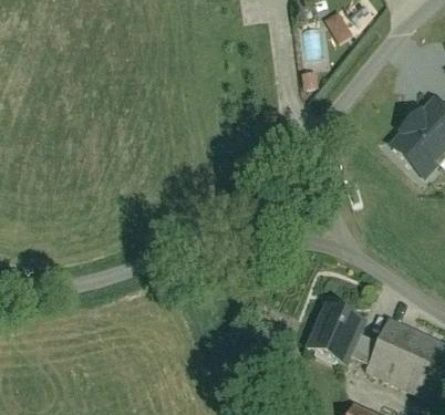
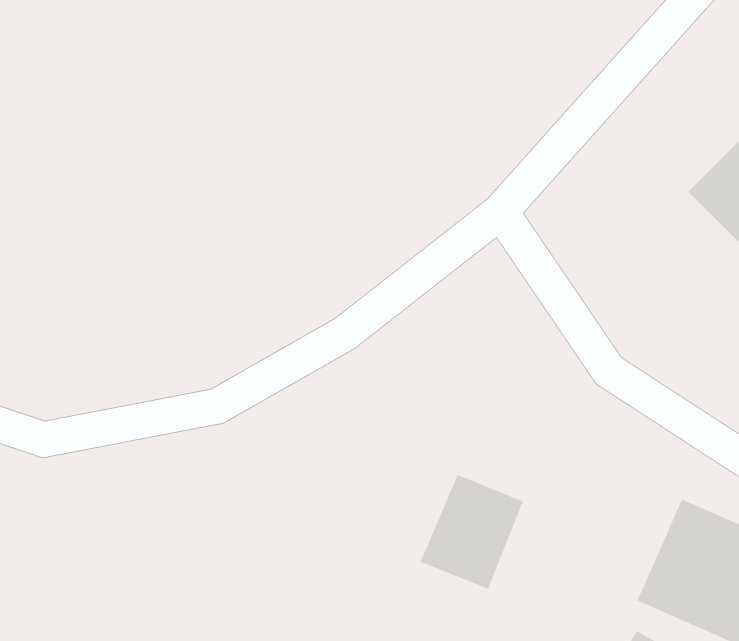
building: [310,303,369,369] -> [420,474,524,590]

